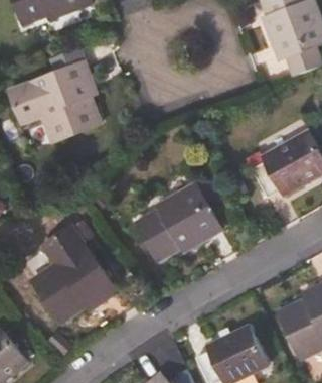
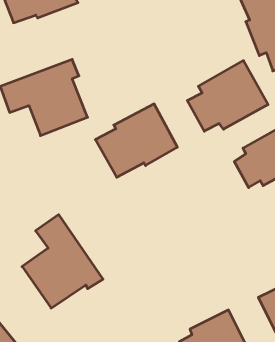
building: none -> [187,61,268,131]
building: [136,184,221,261] -> [95,104,177,177]

